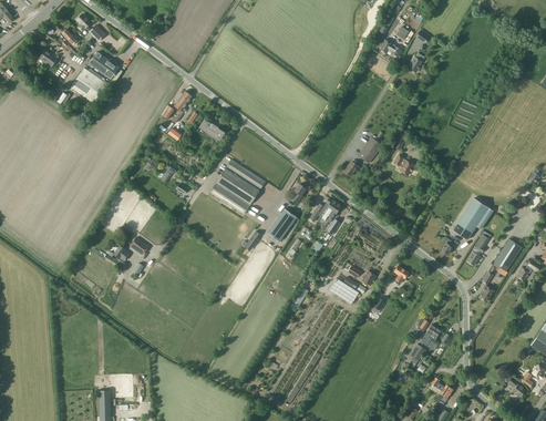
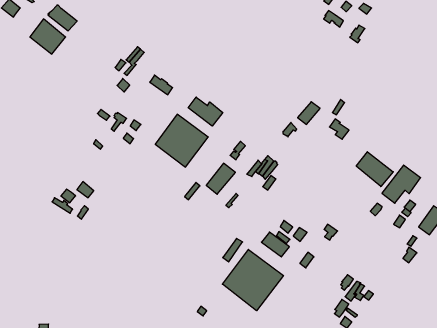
building: none -> [188,97,223,126]
building: none -> [356,152,393,187]
building: none -> [222,249,283,311]

